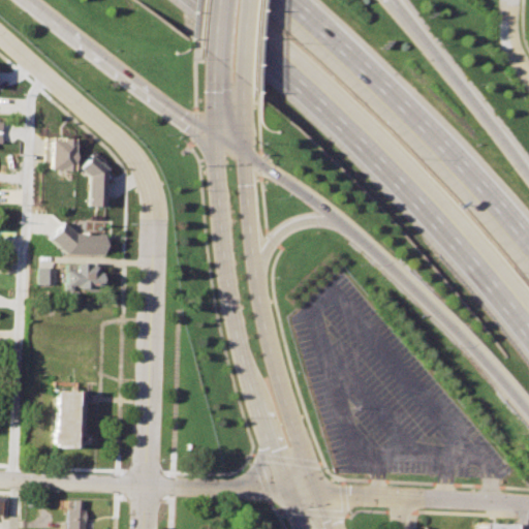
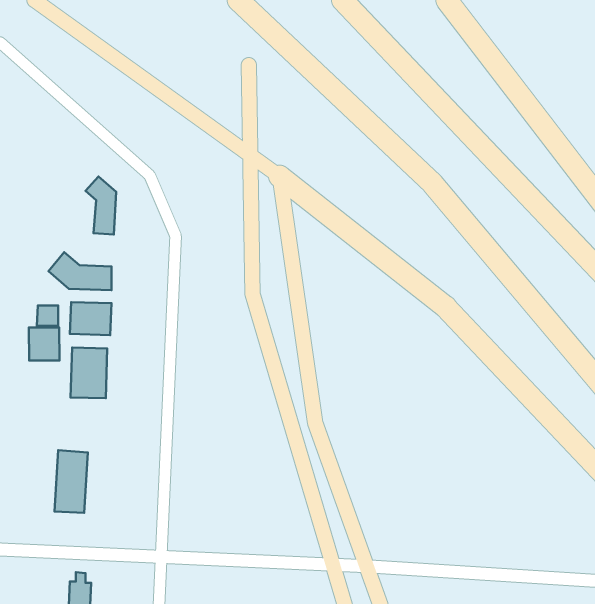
building: [51,137,76,170] -> none
building: none -> [29,328,59,360]
building: none -> [71,348,107,398]

